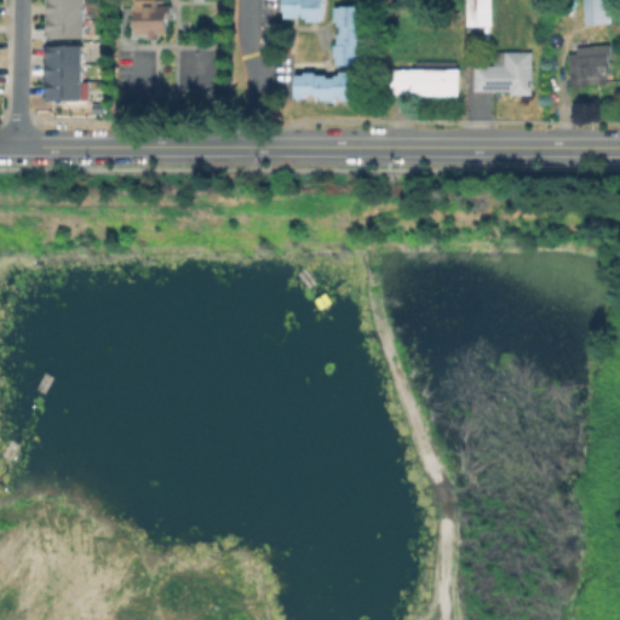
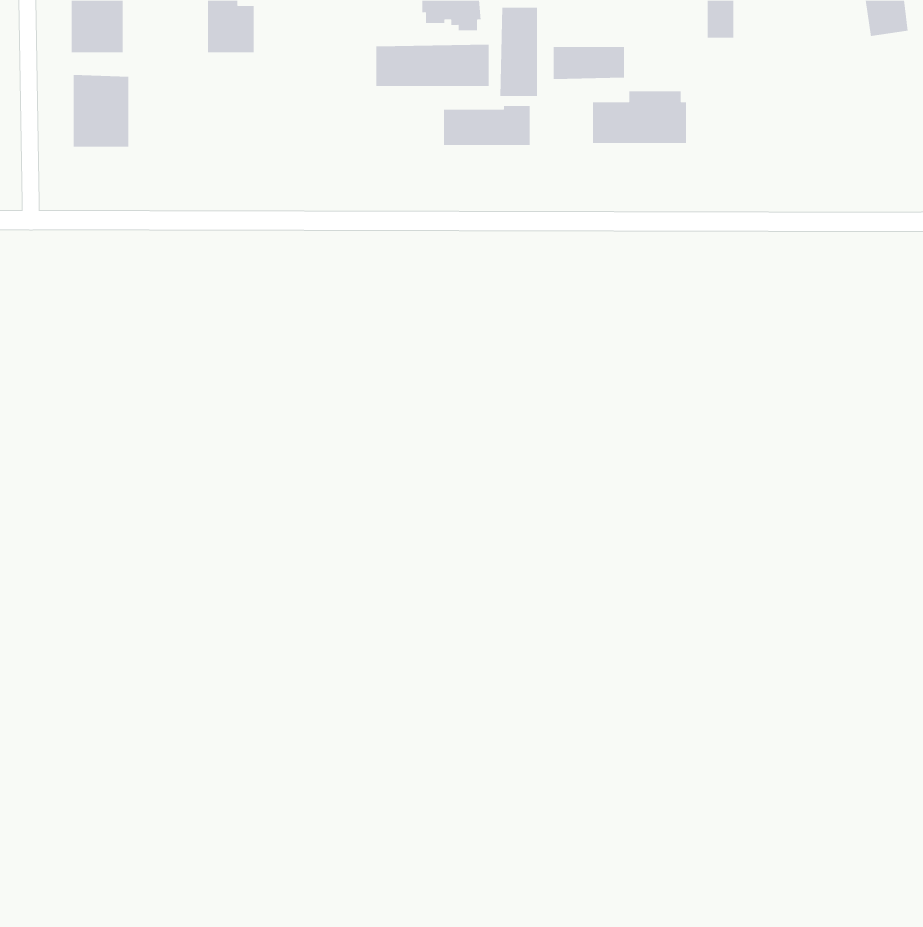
building: none -> [376,44,489,87]
building: none -> [553,46,625,80]
building: [566,44,608,91] -> none
building: [472,52,530,96] -> none

